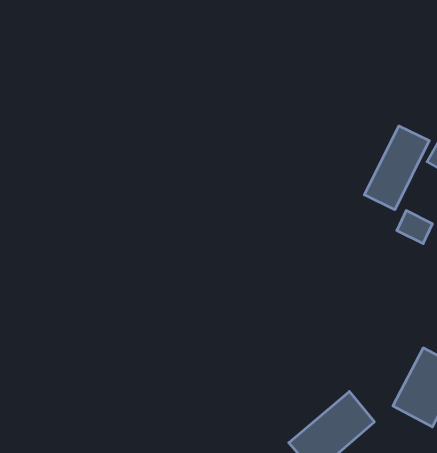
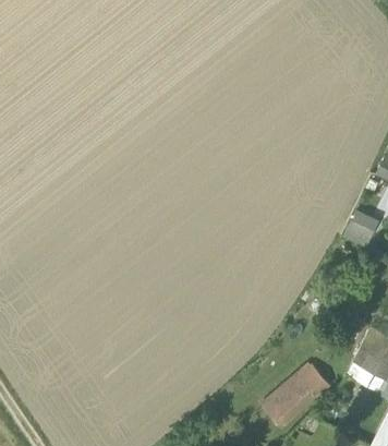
building: [364,126,429,210] -> none

